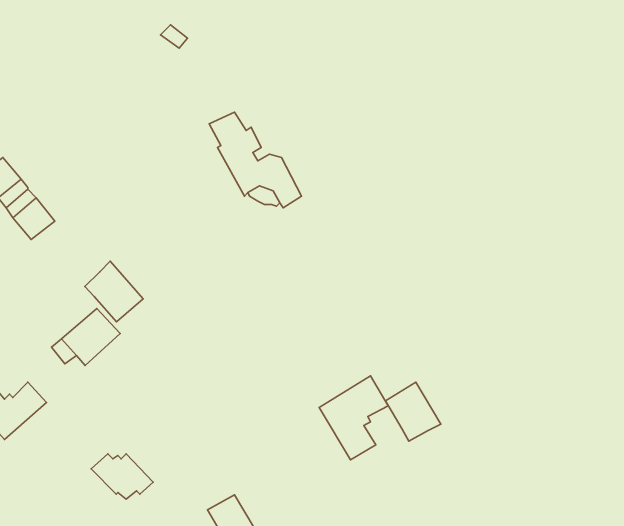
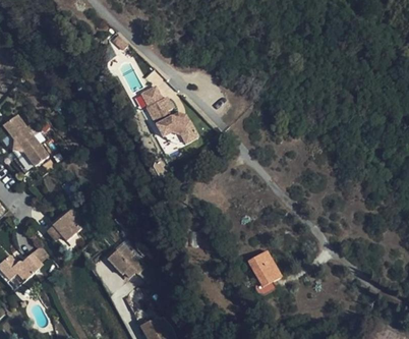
building: [85,261,143,322] -> none
building: [319,376,388,460] -> none
building: [91,454,153,499] -> [105,249,142,277]

